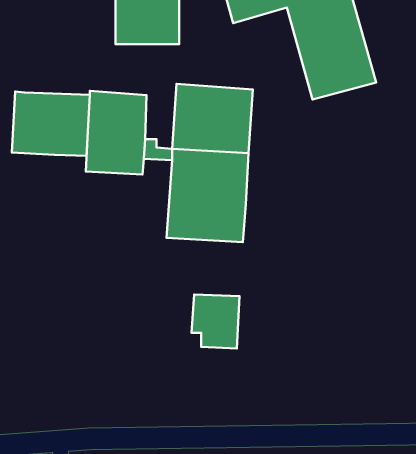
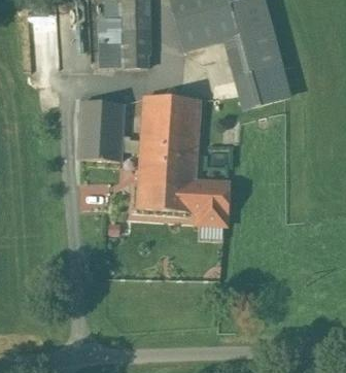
building: [12,91,90,156] -> none
building: [191,295,240,348] -> [193,182,228,222]

